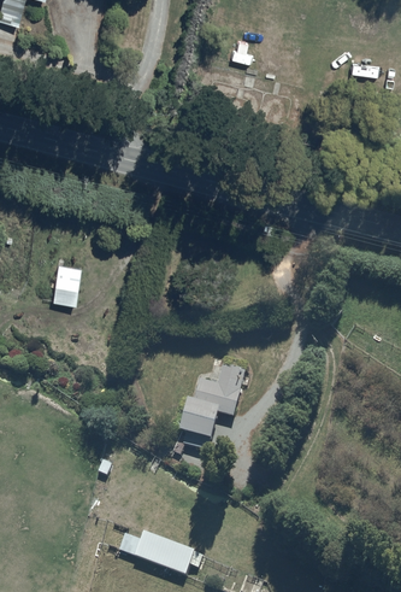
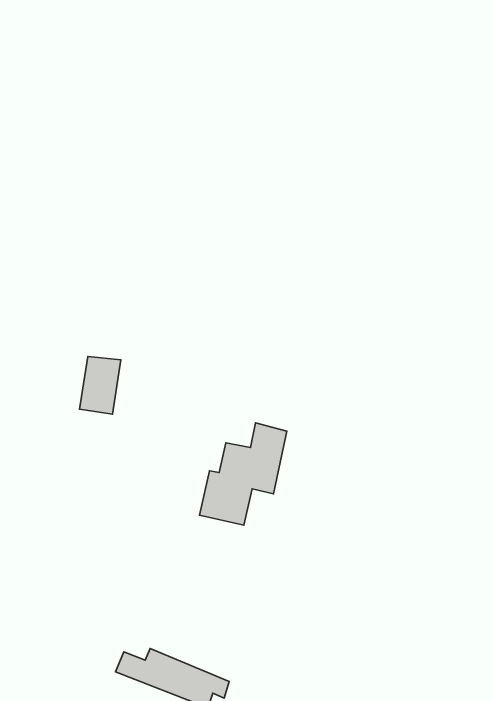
building: [52,260,82,303] -> [80,357,121,414]

